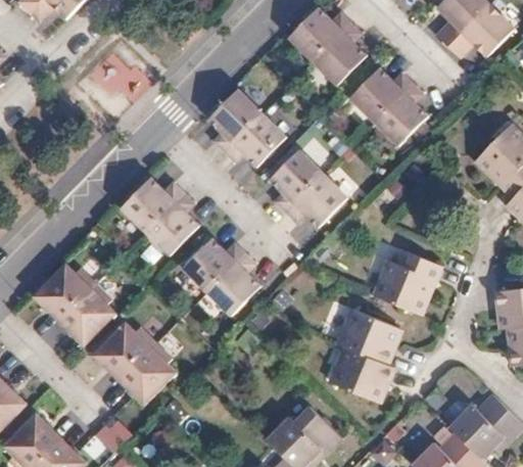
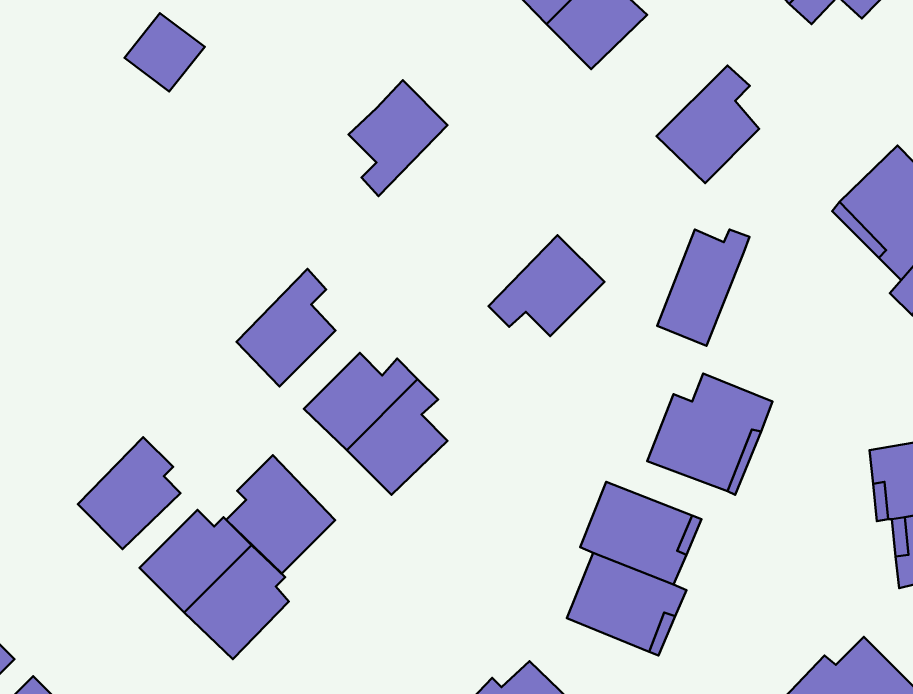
building: [353,65,416,120] -> none
building: [225,113,288,169] -> none
building: [270,150,323,213] -> none
building: none -> [657,229,750,346]
building: [122,177,186,232] -> none
building: [35,264,96,321] -> none
building: none -> [226,455,335,574]

